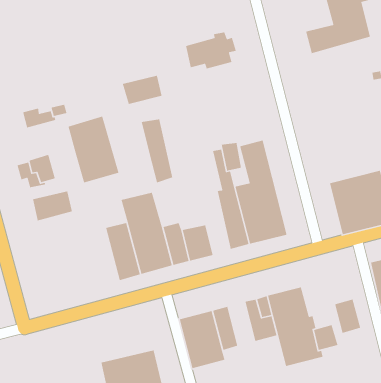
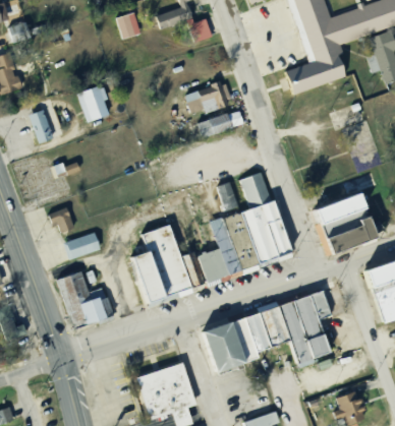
building: none -> [78,86,110,123]
building: none -> [31,108,56,142]
building: [122,75,163,105] -> [195,112,232,140]
building: [68,115,119,183] -> none
building: [141,118,173,183] -> [209,220,241,277]
building: none -> [58,270,115,328]
building: [334,298,361,334] -> [306,291,332,322]
building: none -> [243,314,270,354]

